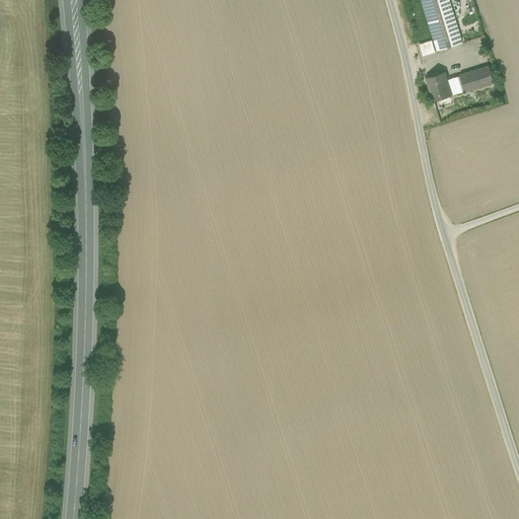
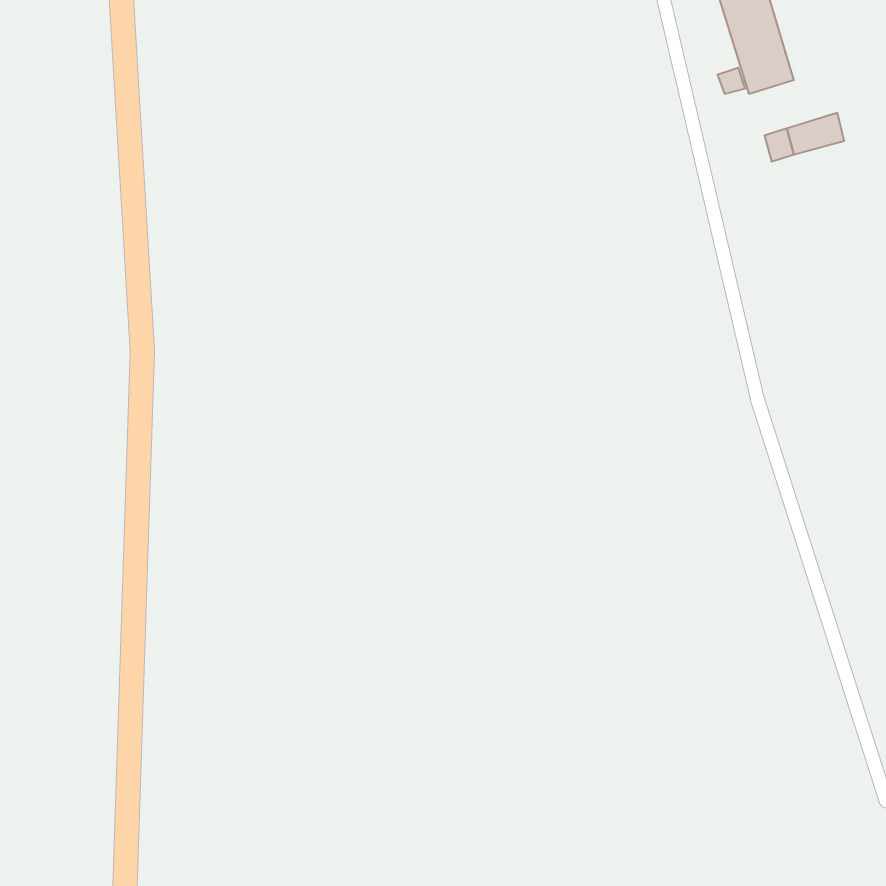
building: [426,71,450,99] -> none

